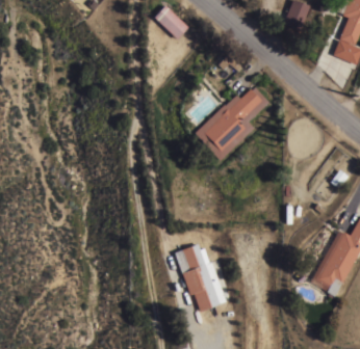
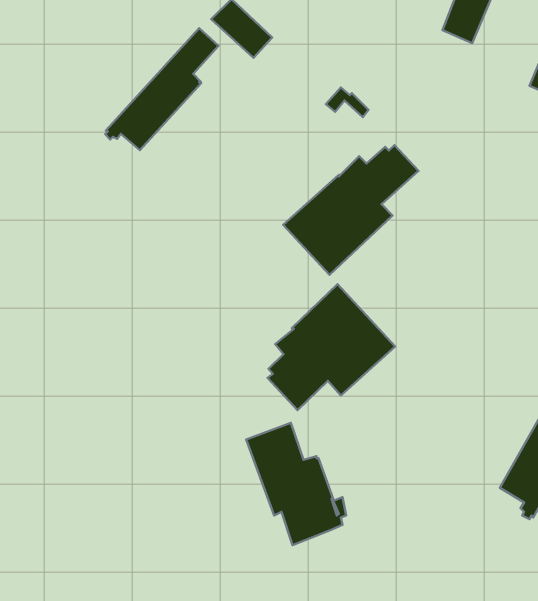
building: none -> [105,28,218,150]
building: none -> [268,284,395,410]

